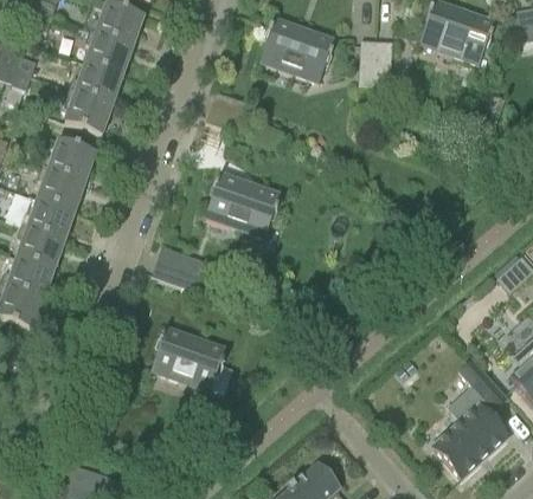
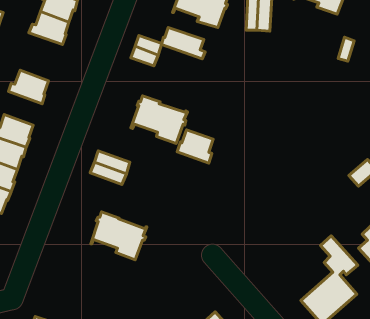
building: none -> [162,27,205,59]
building: [64,88,114,132] -> none
building: [36,166,86,210] -> none
building: none -> [177,130,213,163]

